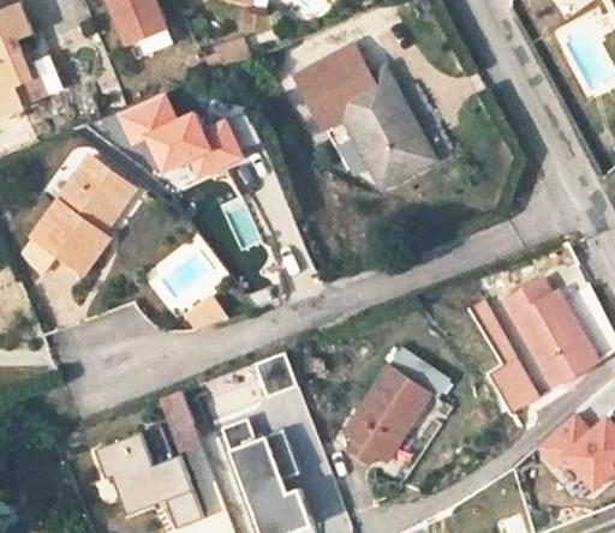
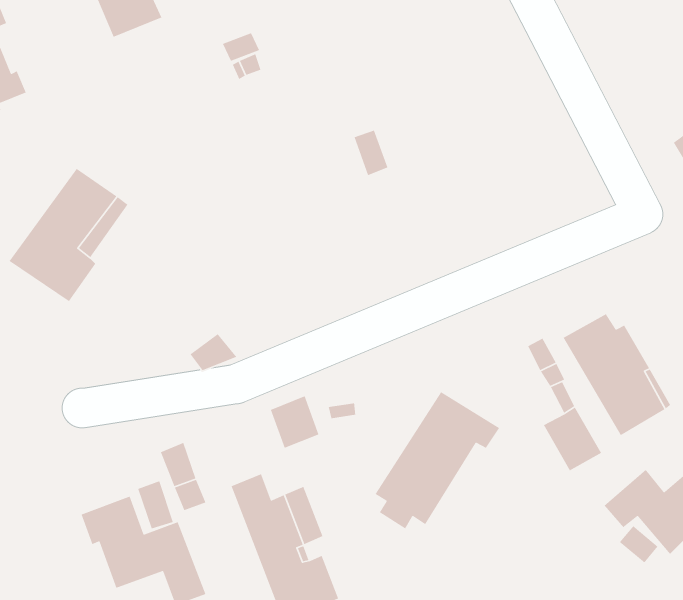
building: [295,43,435,187] -> none
building: [115,92,239,179] -> none

